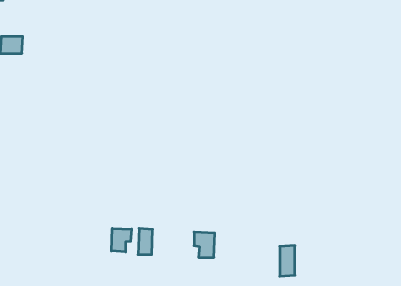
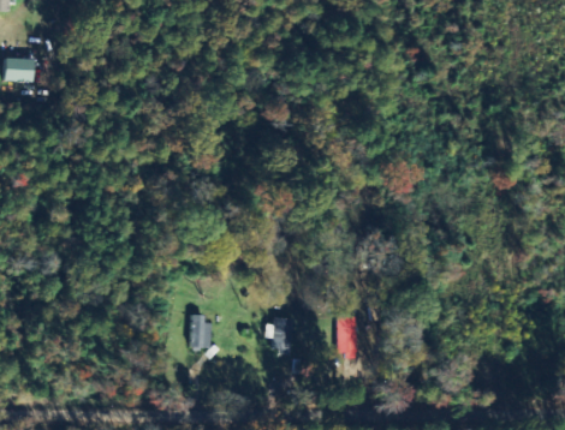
building: [111,228,132,252] -> none
building: [280,246,295,276] -> [337,316,357,357]

